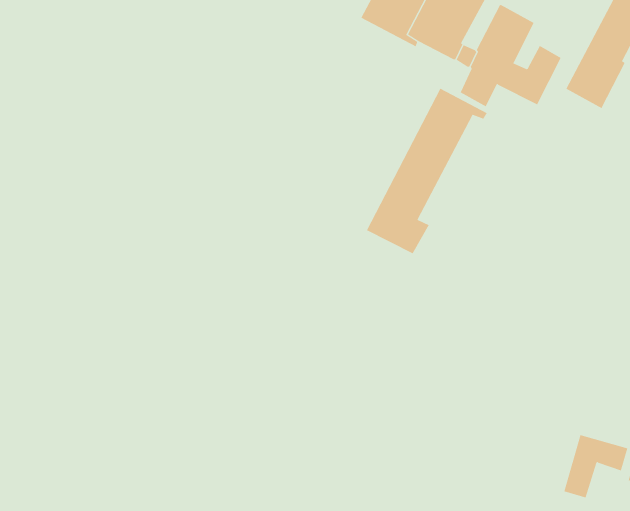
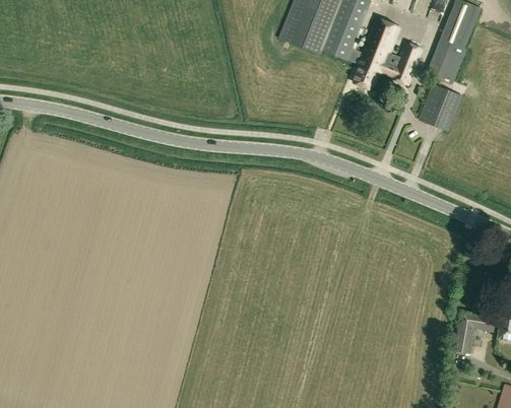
building: [366,88,488,254] -> none
building: none -> [420,85,462,131]

